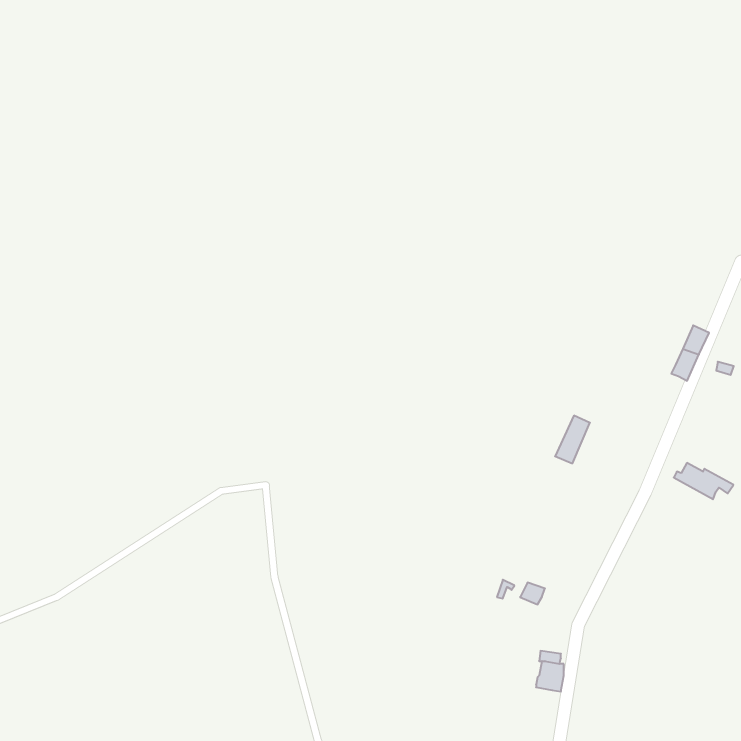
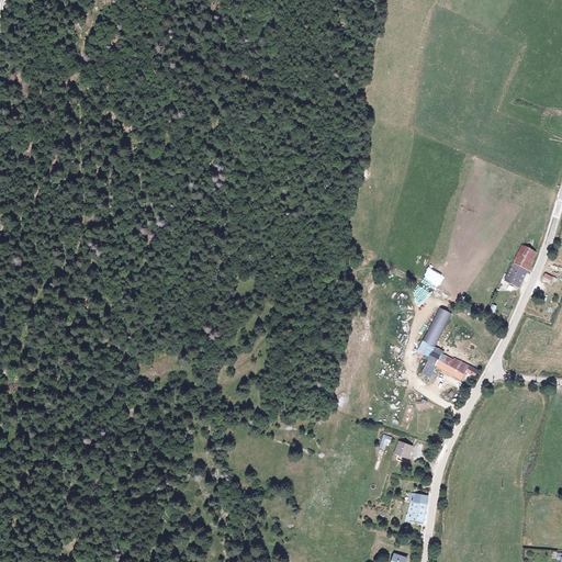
building: [674,463,733,499] -> [432,353,477,381]

